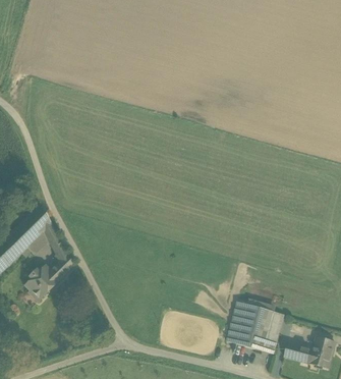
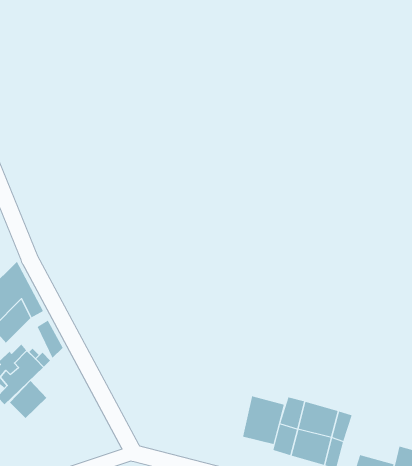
building: none -> [9,380,47,419]
building: none -> [243,396,285,445]

